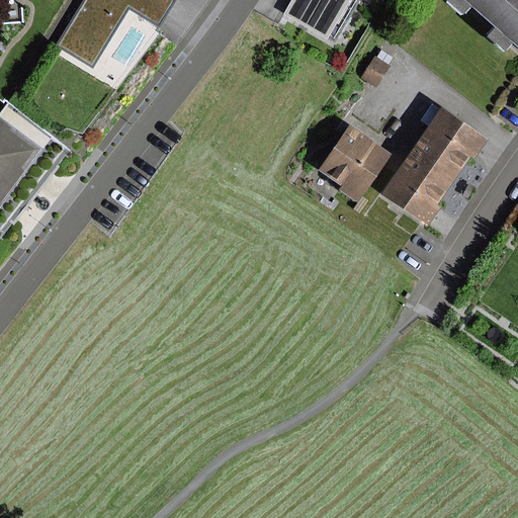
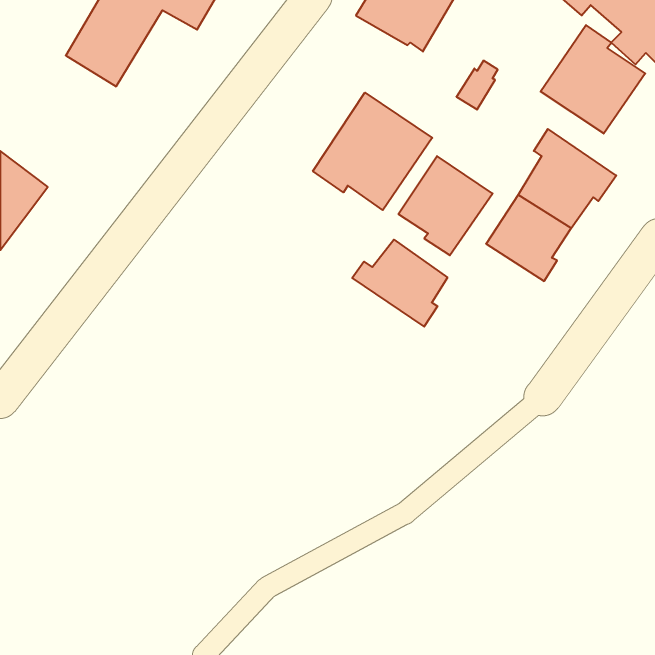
building: none -> [541,25,645,134]
building: none -> [313,93,432,210]
building: none -> [352,240,447,327]

